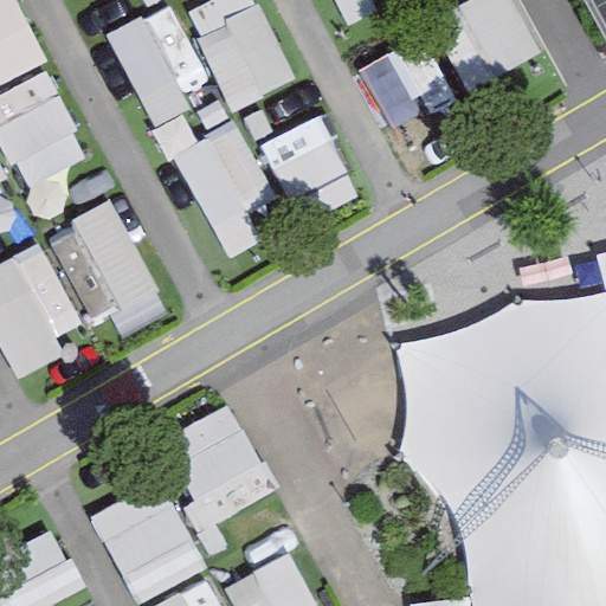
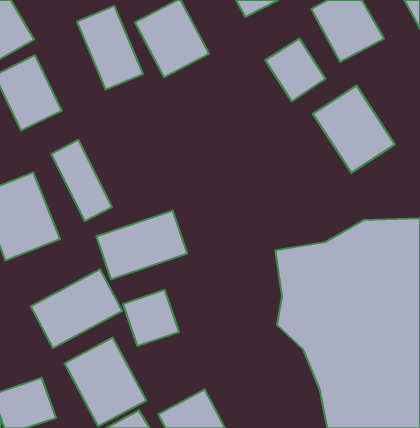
building: [260,114,361,223] -> none
building: none -> [313,86,395,173]
building: [174,123,259,258] -> none
building: none -> [97,210,187,279]
building: none -> [31,269,122,348]

